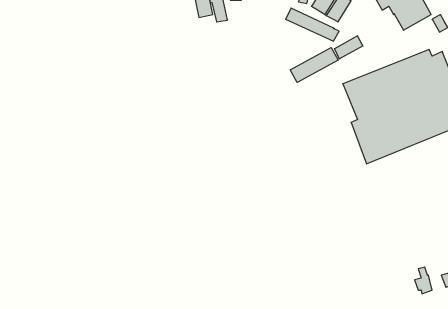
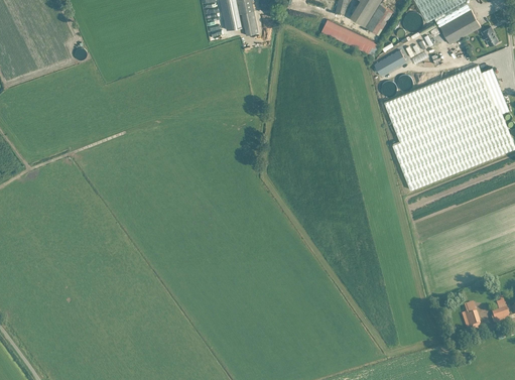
building: [290,48,338,82] -> none

